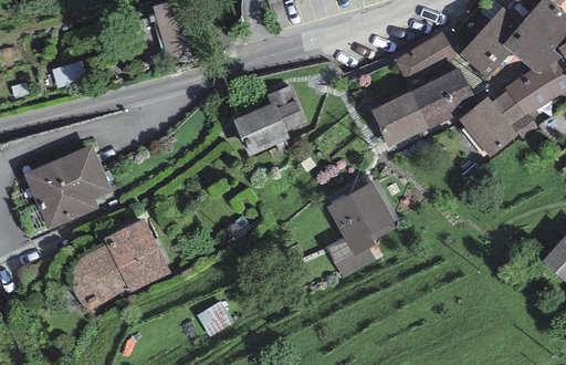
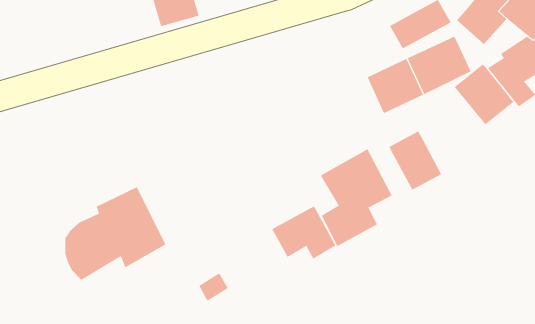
building: [232,85,304,155] -> none
building: [23,145,112,230] -> none
building: none -> [389,130,442,191]
building: none -> [271,206,336,260]

